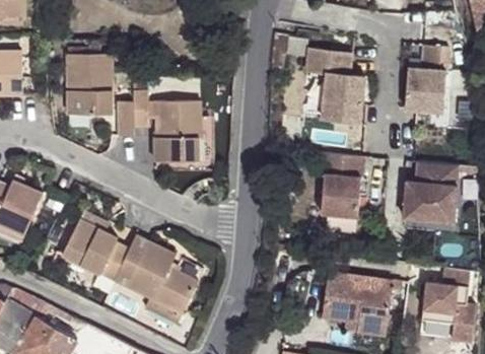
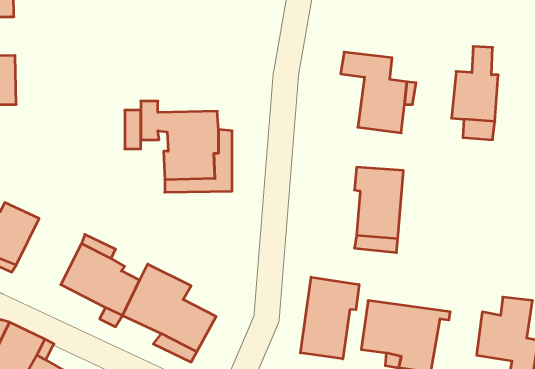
building: [62,54,109,115] -> none
building: [403,159,459,221] -> none
building: none -> [300,277,359,359]

